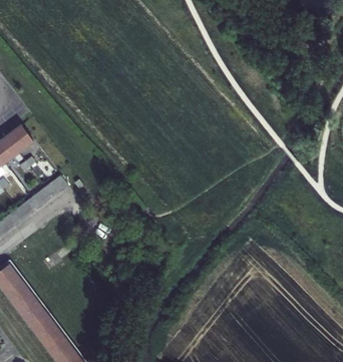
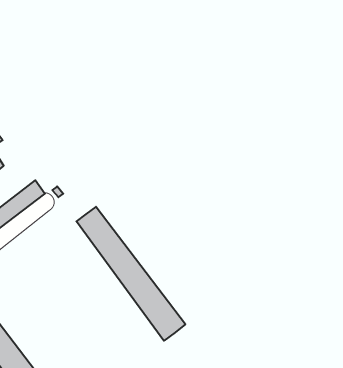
building: none -> [76,207,185,341]

